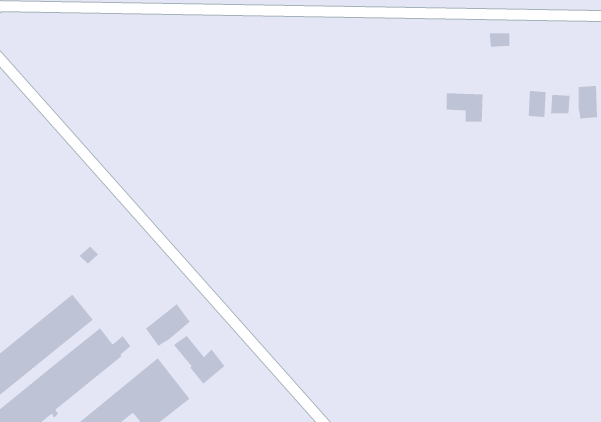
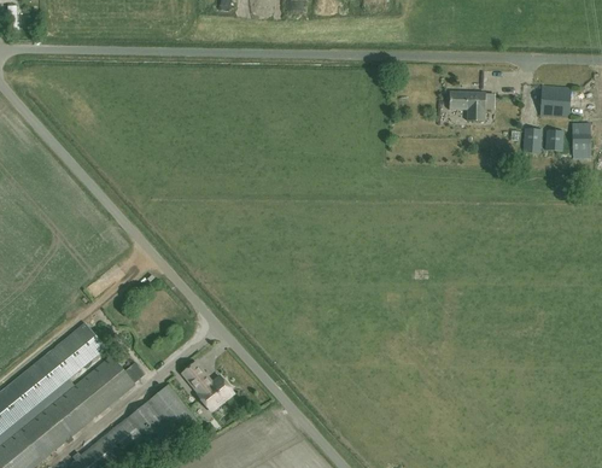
building: none -> [540,84,571,117]
building: [446,93,484,123] -> [449,90,485,119]
building: [145,303,191,347] -> none

